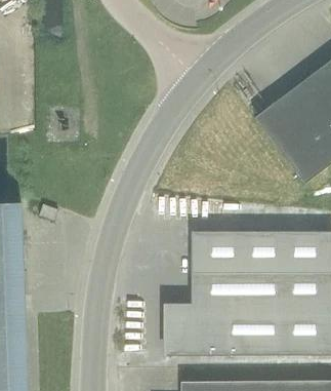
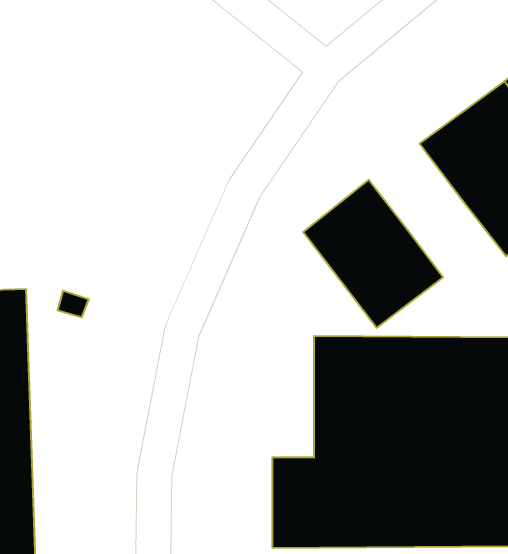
building: none -> [303,180,443,328]

